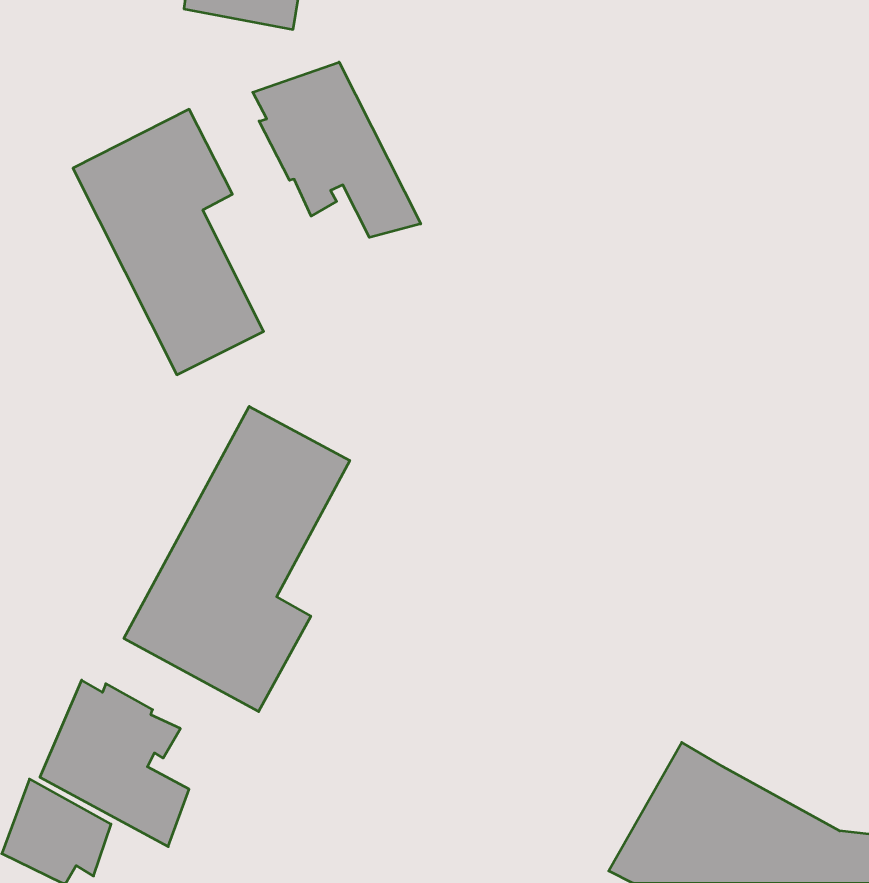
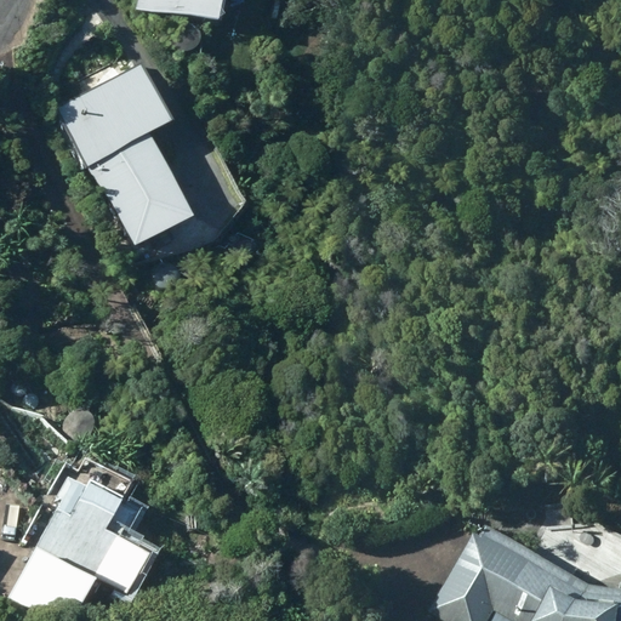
building: [253,62,421,237] -> none
building: [124,406,350,712] -> none

